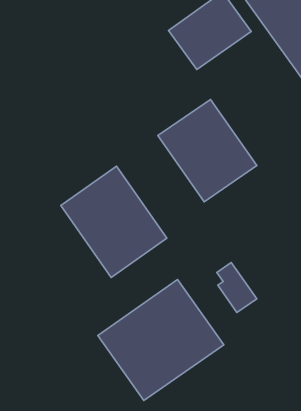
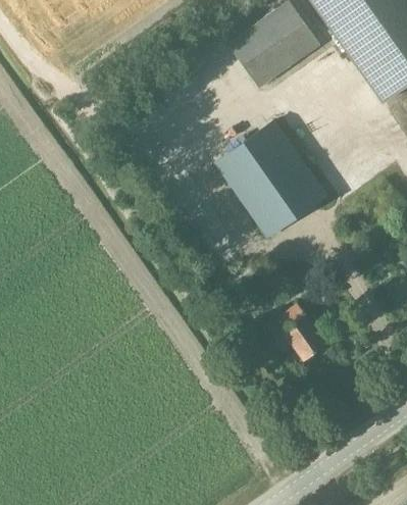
building: [61,166,167,277] -> none
building: [98,280,224,400] -> none

